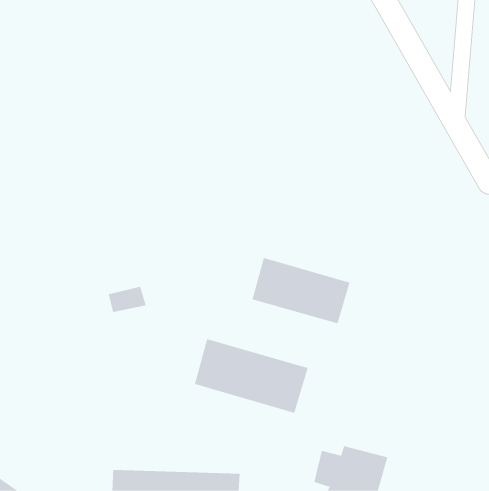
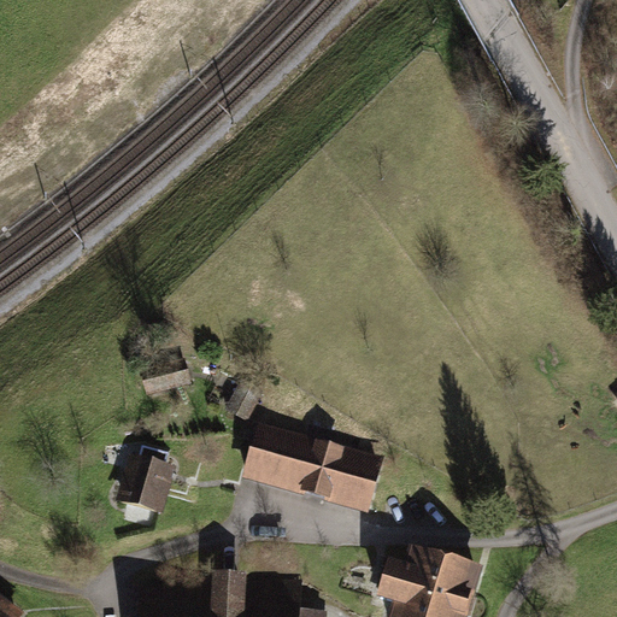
building: [252,257,350,324] -> none
building: none -> [121,457,172,511]

